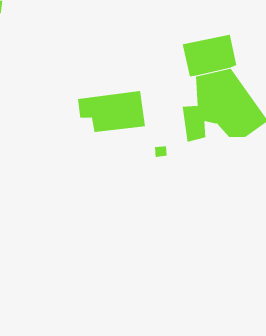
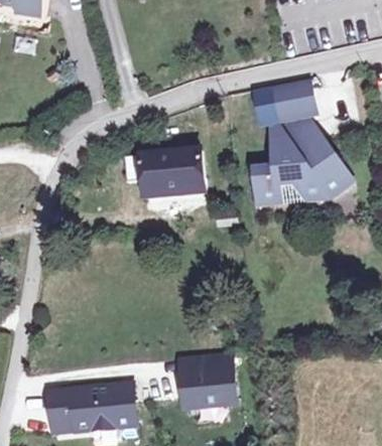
building: none -> [179,351,237,408]
building: none -> [51,385,133,431]

